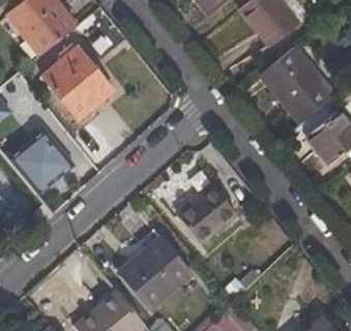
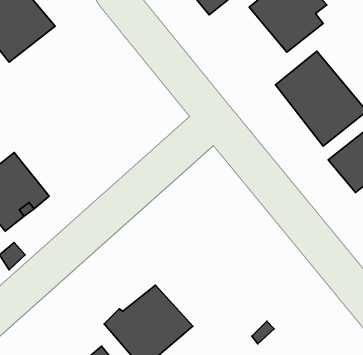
building: [38,40,114,119] -> none
building: [177,184,237,242] -> none

